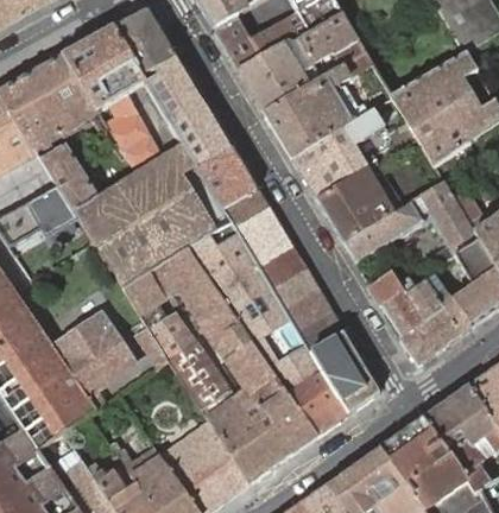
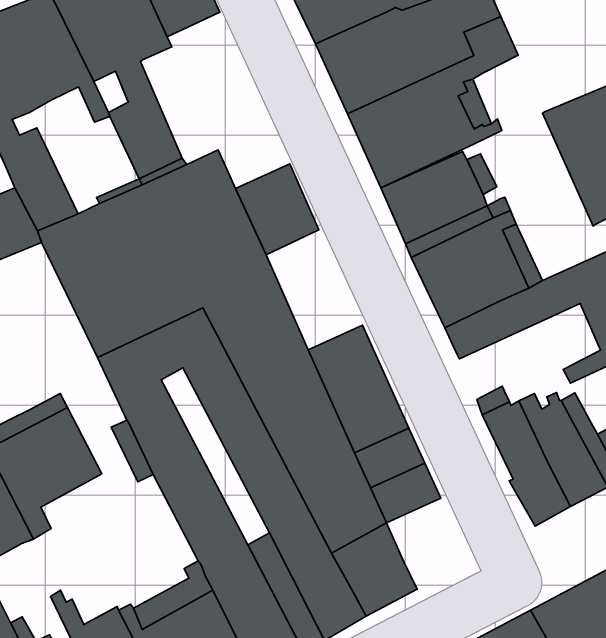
building: [143,55,232,167] -> none
building: [223,188,291,266] -> none
building: [322,352,378,412] -> none

